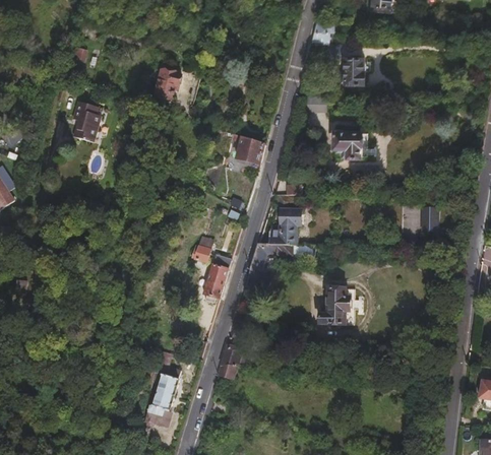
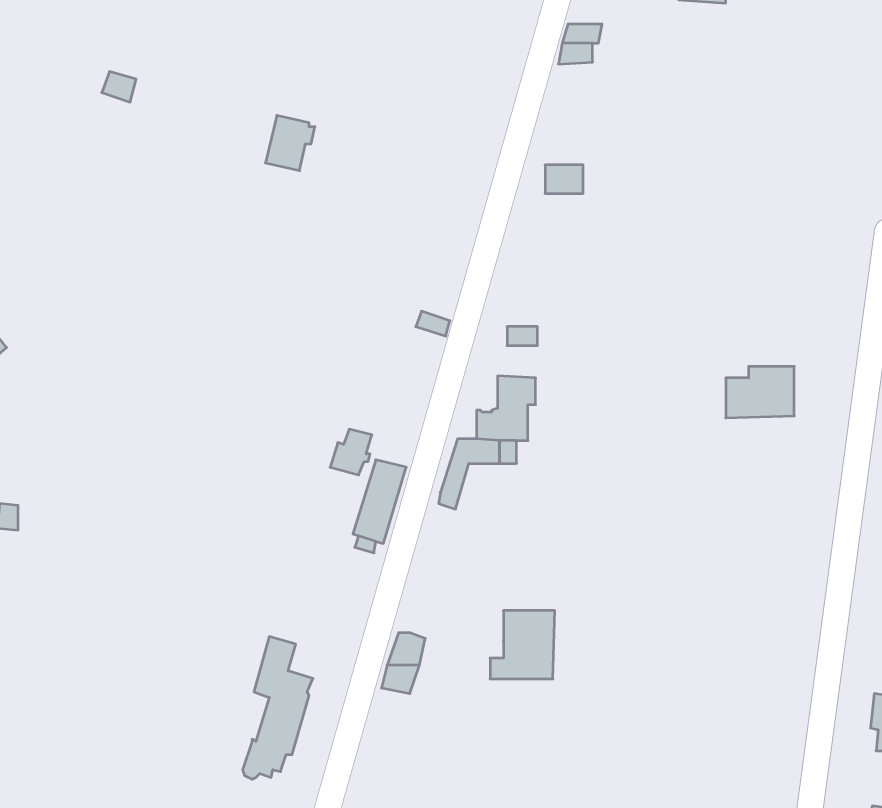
building: [341,55,364,80] -> none
building: [76,104,103,144] -> none
building: [333,129,360,155] -> none
building: [231,134,265,167] -> none
building: [320,287,355,324] -> [490,611,555,679]

